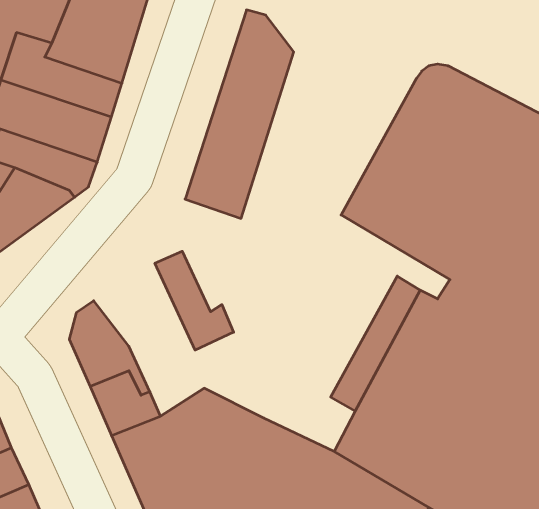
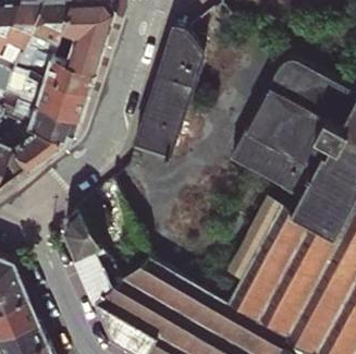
building: [155,251,234,350] -> none

